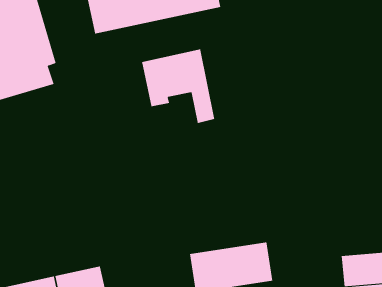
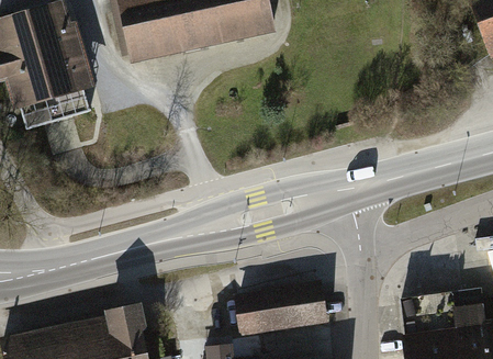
building: [141,49,215,124] -> none

